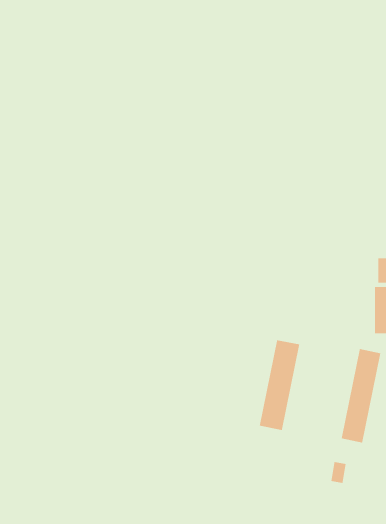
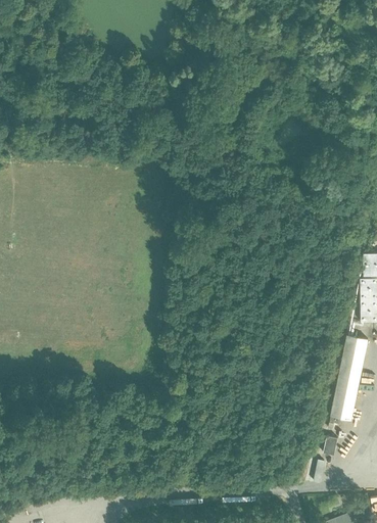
building: [259,339,300,431] -> none

